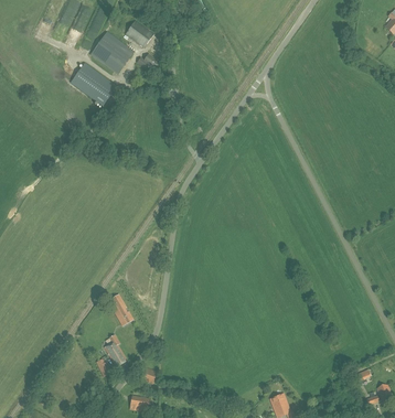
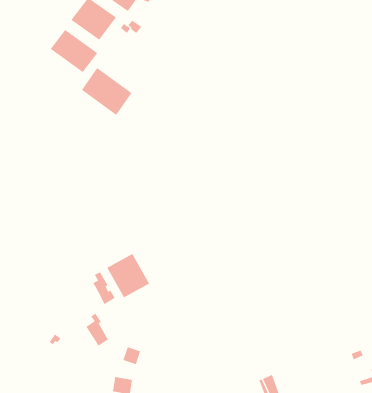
building: none -> [81,67,132,116]
building: none -> [107,253,150,298]

